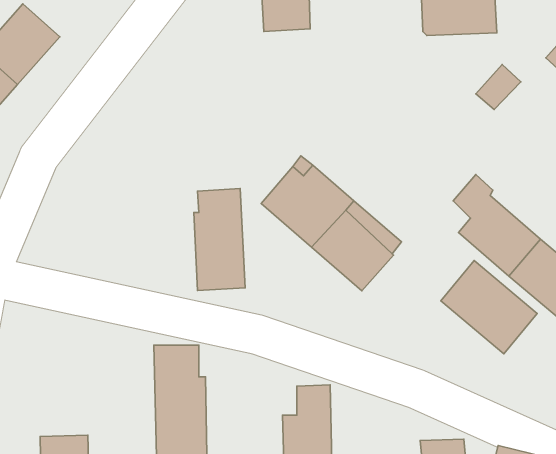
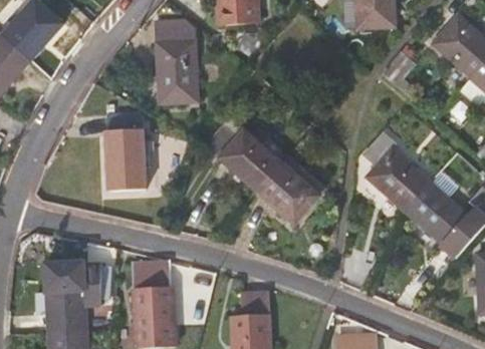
building: none -> [156,22,195,102]
building: [194,189,245,291] -> [105,114,145,192]
building: [441,261,537,354] -> none
building: none -> [48,259,102,332]

